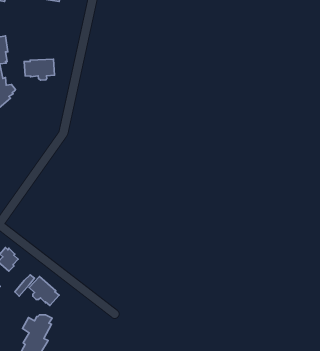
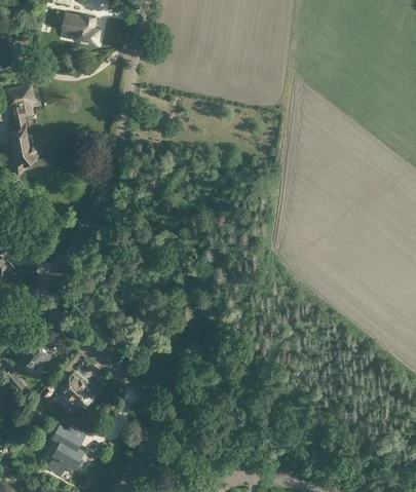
building: [24,59,54,80] -> none

